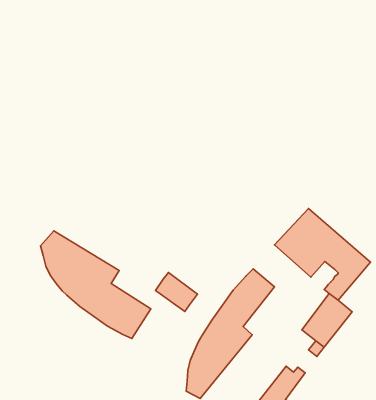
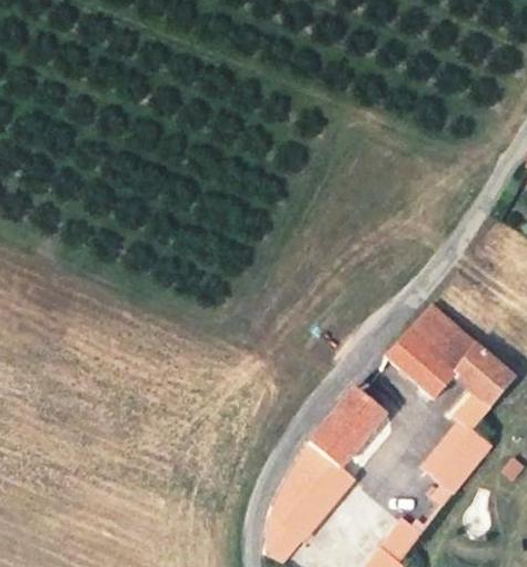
building: [41,231,151,338] -> none
building: [155,272,197,312] -> none

